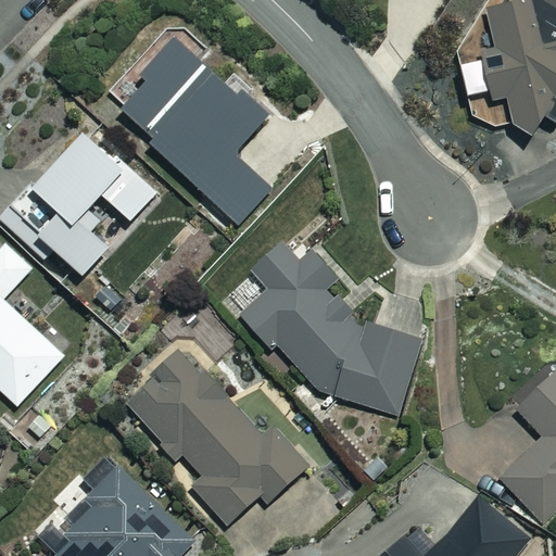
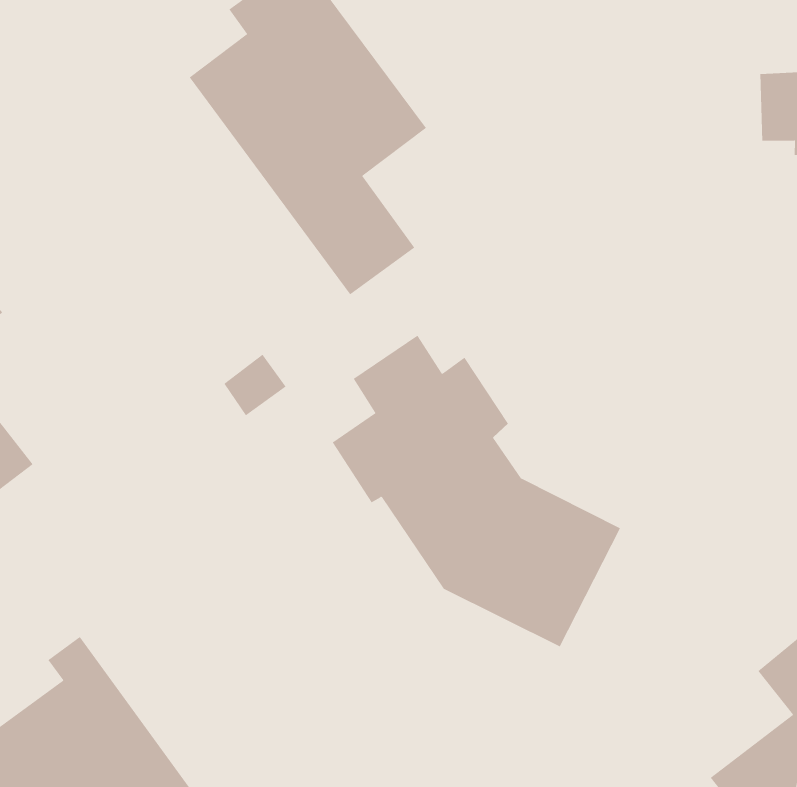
building: [37,130,156,273] -> none
building: [126,349,308,523] -> none

